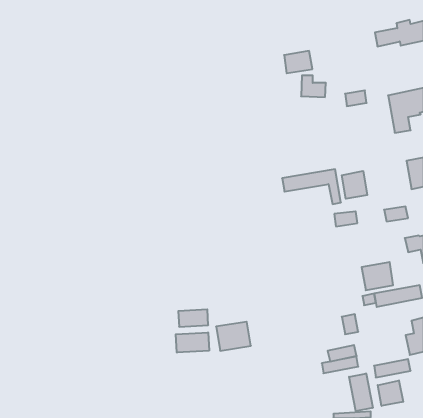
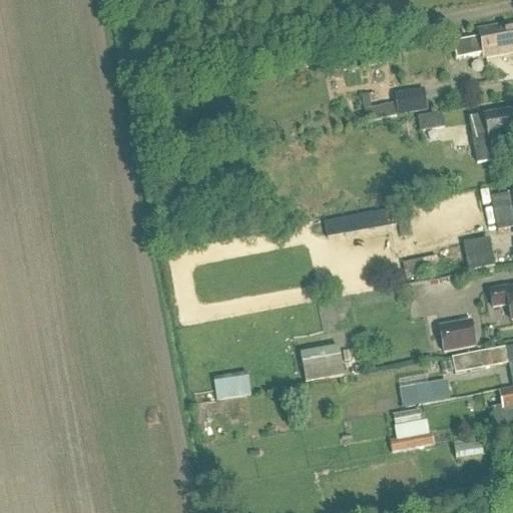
building: [284,51,312,73] -> [394,85,428,112]
building: [342,171,367,199] -> none
building: [216,322,251,351] -> [301,344,343,379]
building: [176,332,209,353] -> none
building: [349,373,373,411] -> none
building: [378,380,403,406] -> none

